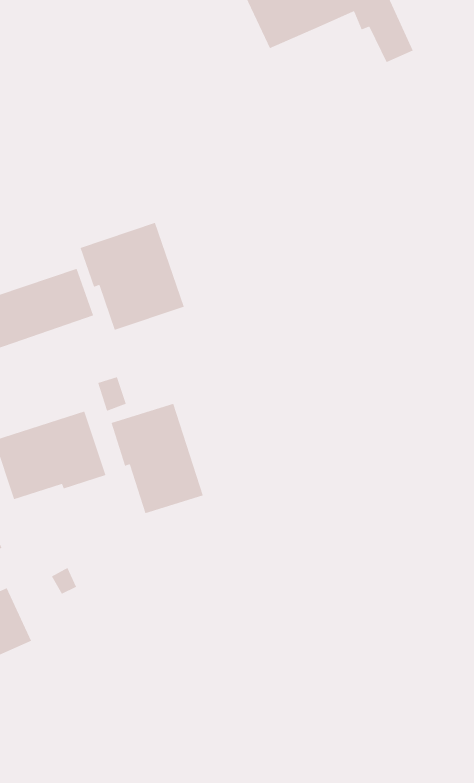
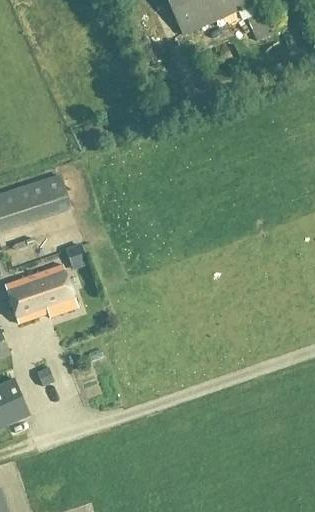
building: [79,222,185,331] -> none
building: [110,403,204,514] -> none

